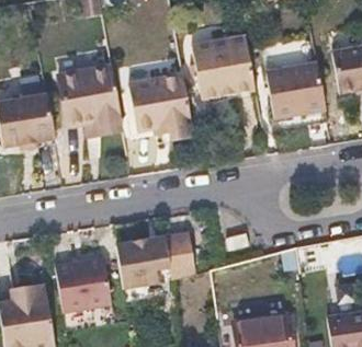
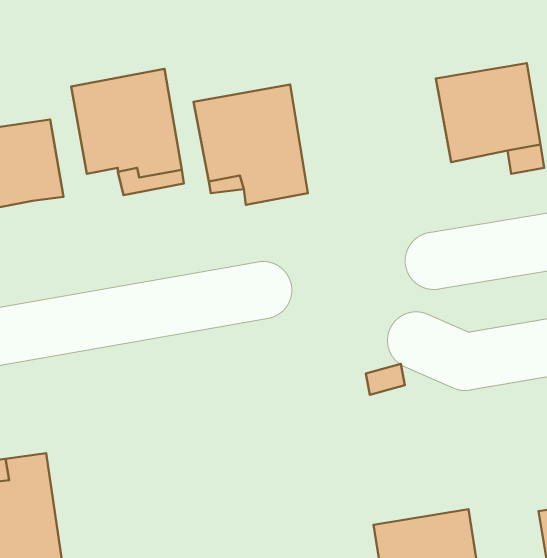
building: [192,36,254,100] -> none
building: [116,233,196,285] -> none
building: [56,257,112,311] -> none

